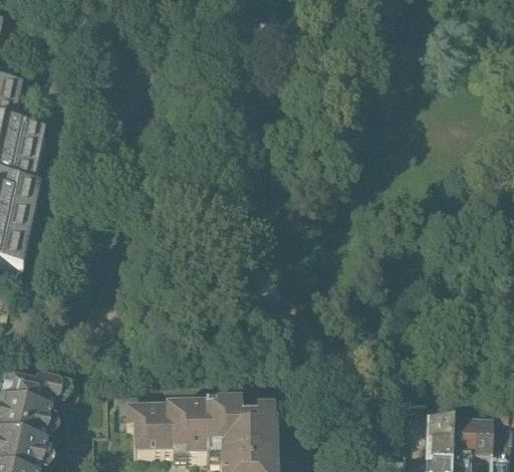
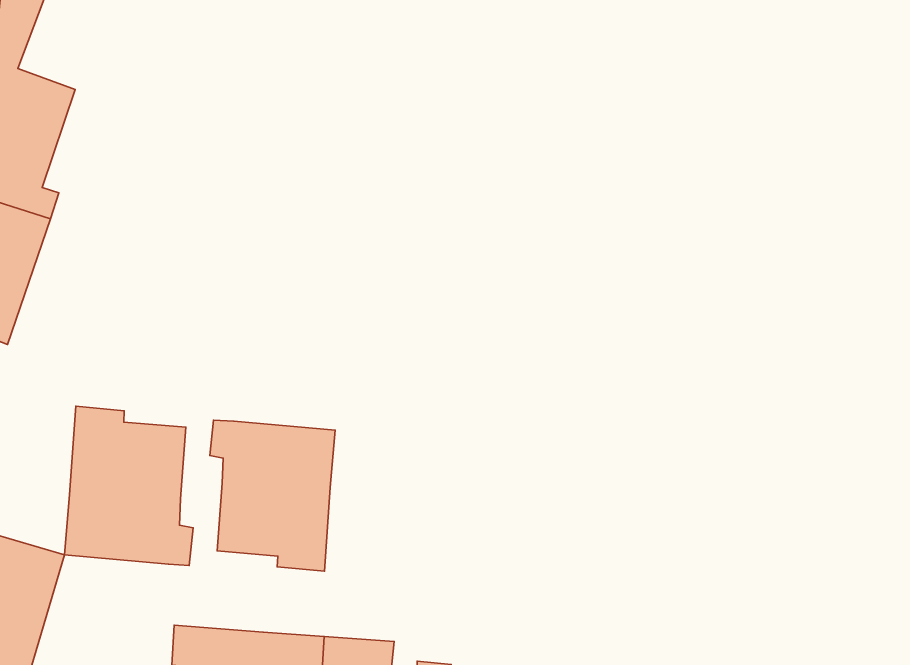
building: none -> [210,420,335,571]
building: none -> [65,406,193,565]

